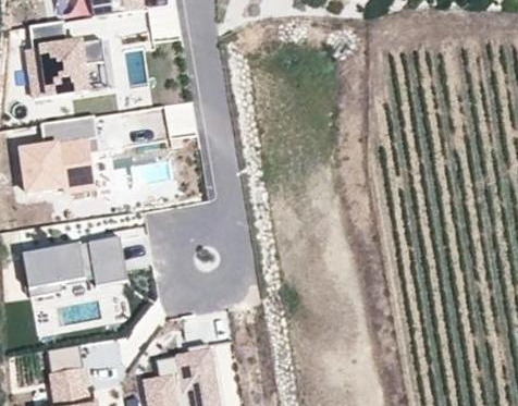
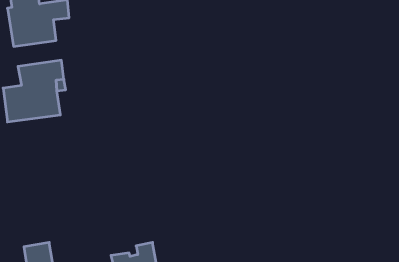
building: [21,236,126,288] -> none

